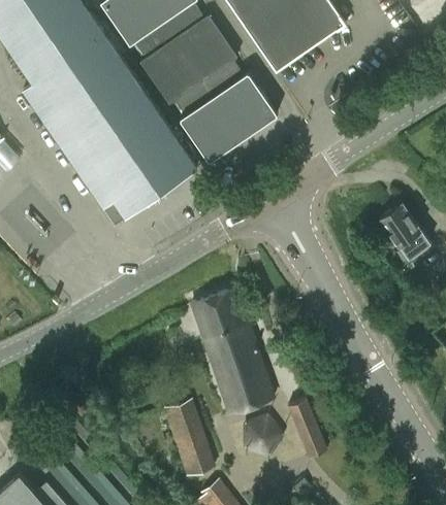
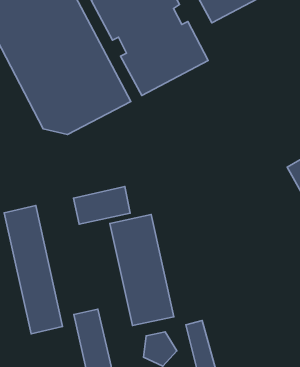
building: none -> [73,187,130,224]
building: none -> [4,205,63,334]

